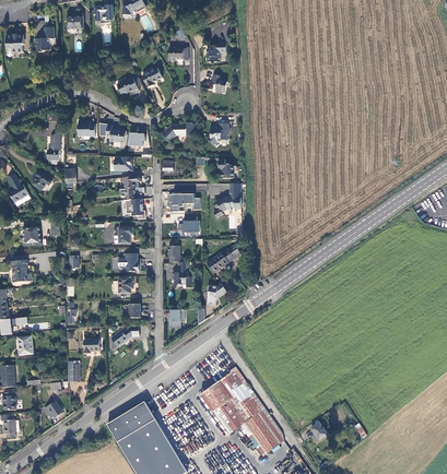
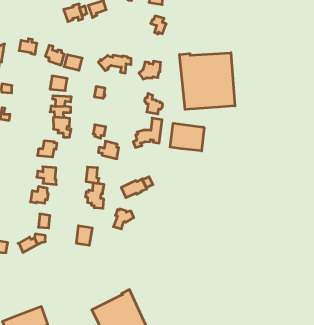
building: none -> [180,53,235,109]
building: none -> [170,123,204,151]

